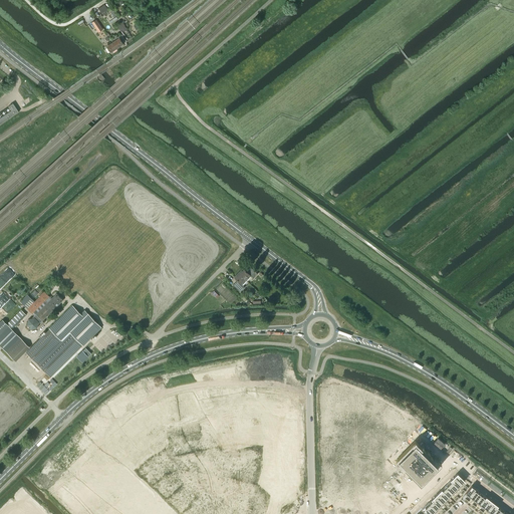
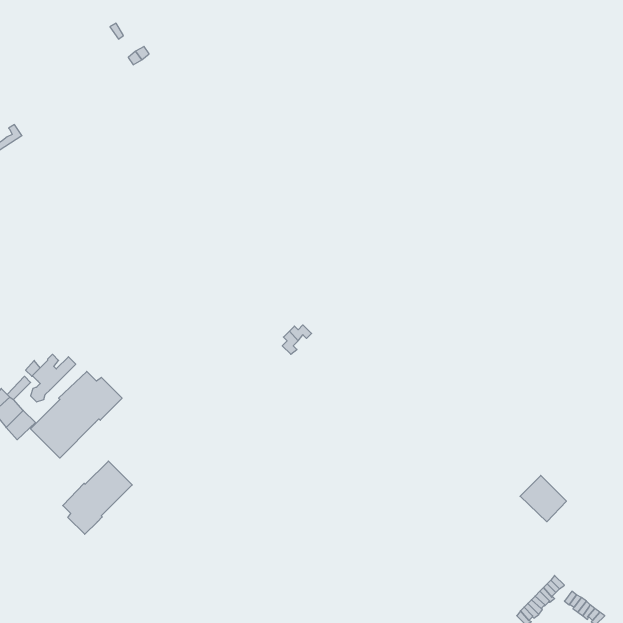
building: none -> [63,461,132,534]
building: [399,445,437,483] -> [520,475,566,522]

